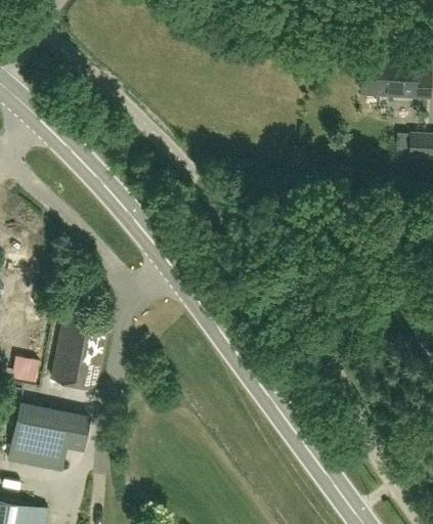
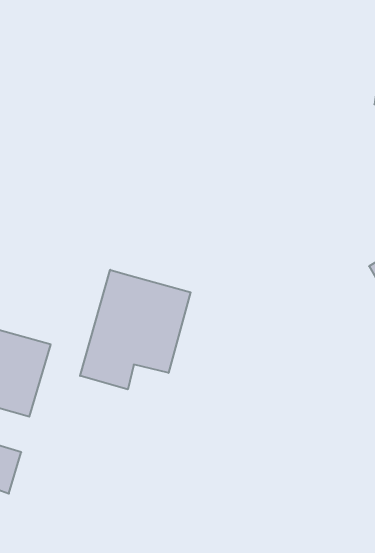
building: none -> [80,270,191,389]

